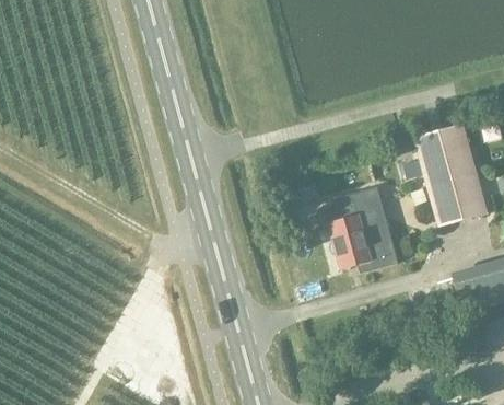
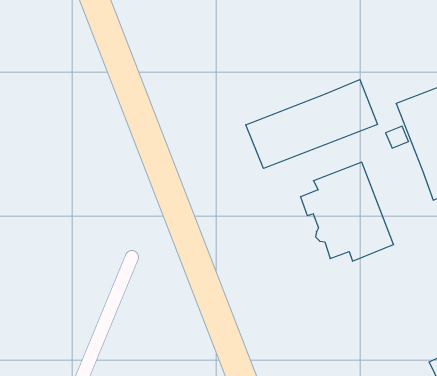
building: none -> [246,79,377,168]

